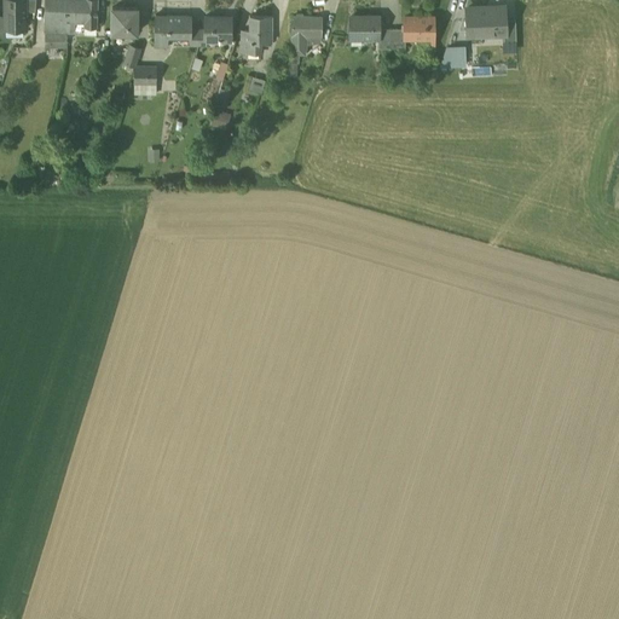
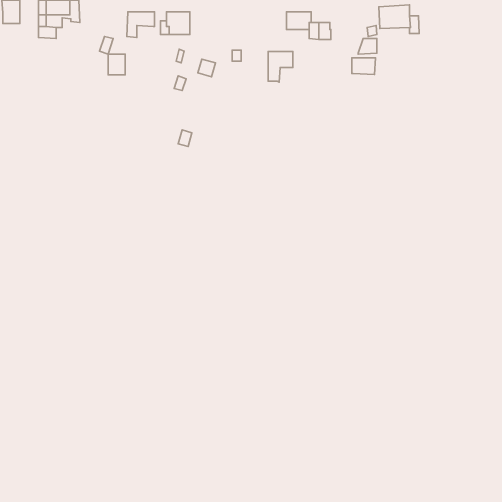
building: [110,8,135,34] -> none
building: [242,17,271,53] -> none
building: [293,17,323,54] -> [268,52,293,82]
building: [405,18,434,39] -> [352,58,375,75]

